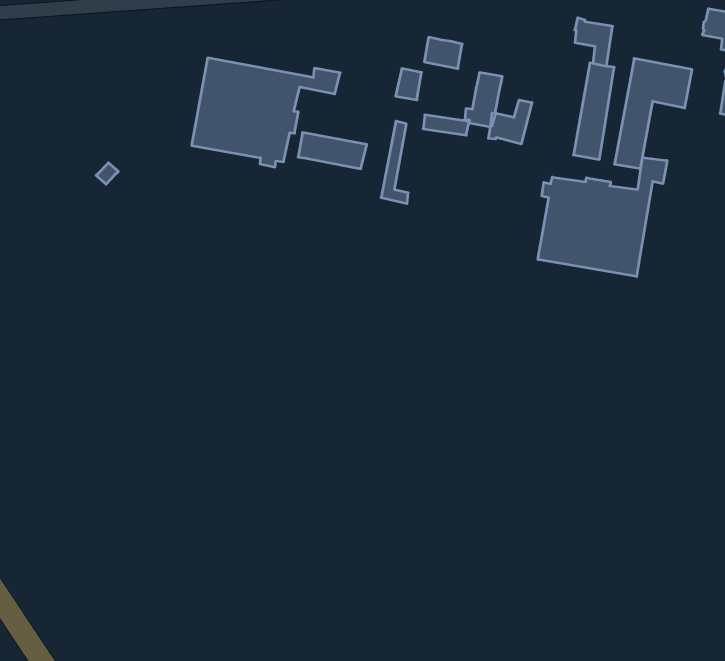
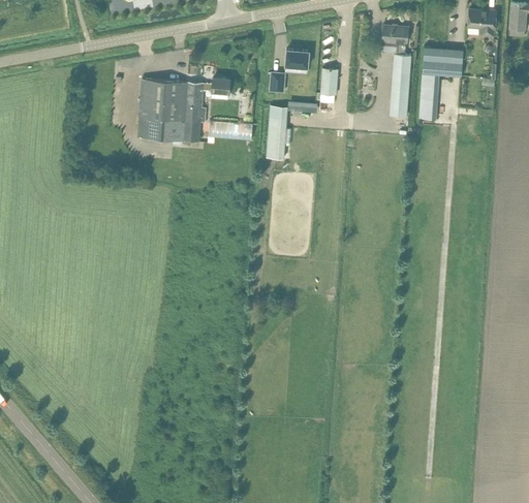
building: [488,100,532,144] -> none
building: [538,158,667,277] -> none

